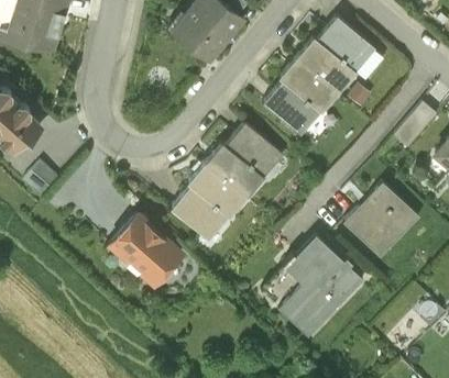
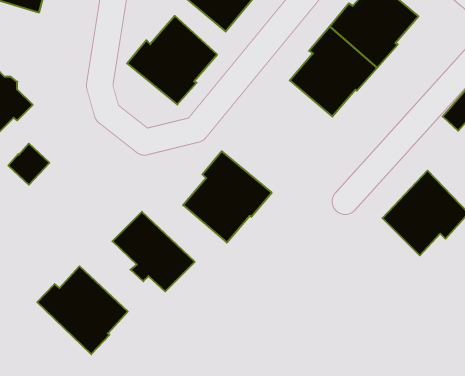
building: [205,124,282,200] -> [127,16,217,105]
building: [263,238,361,336] -> none
building: none -> [37,266,128,354]

